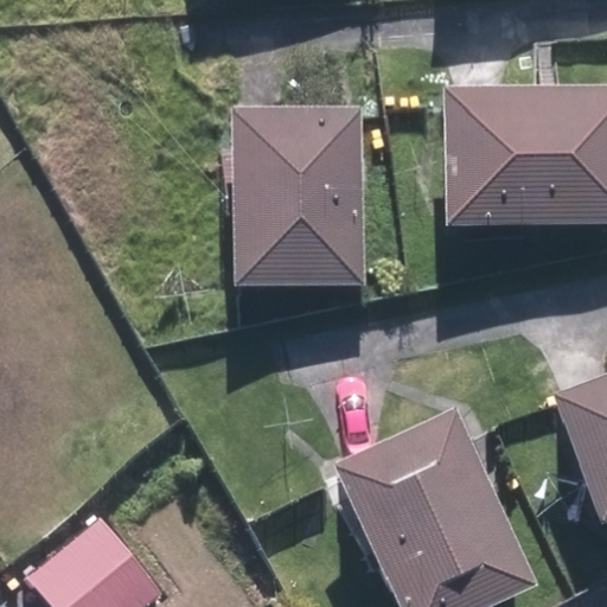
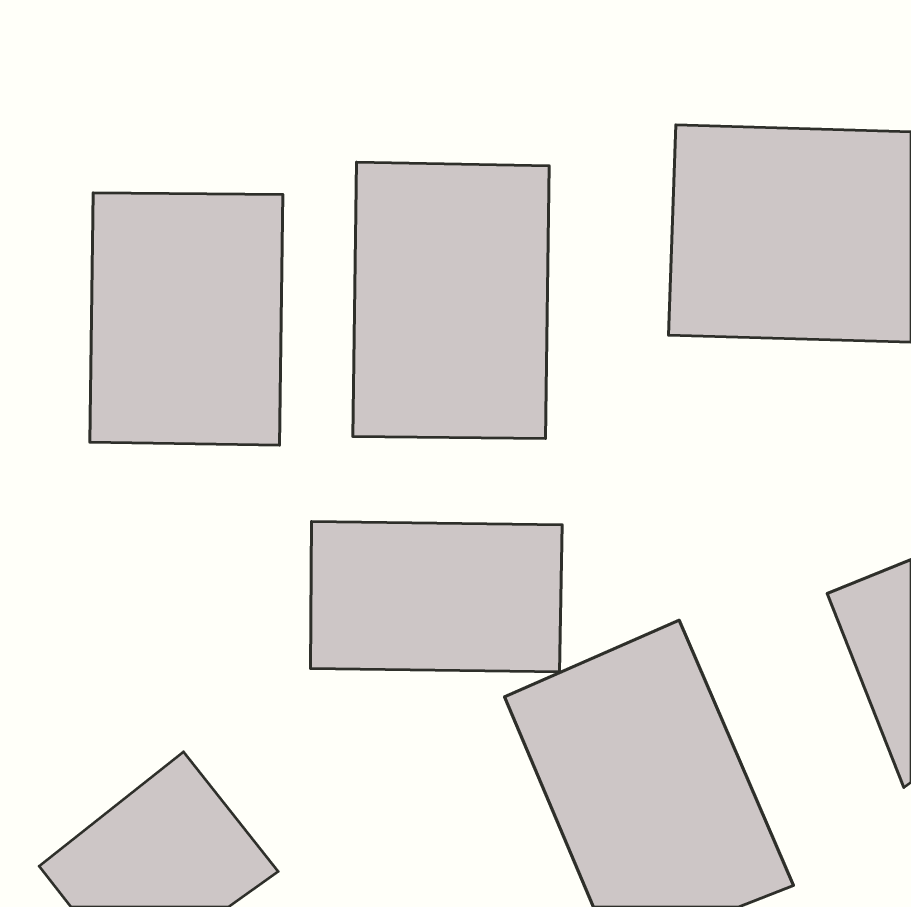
building: none -> [90,193,283,445]
building: none -> [311,522,562,672]

